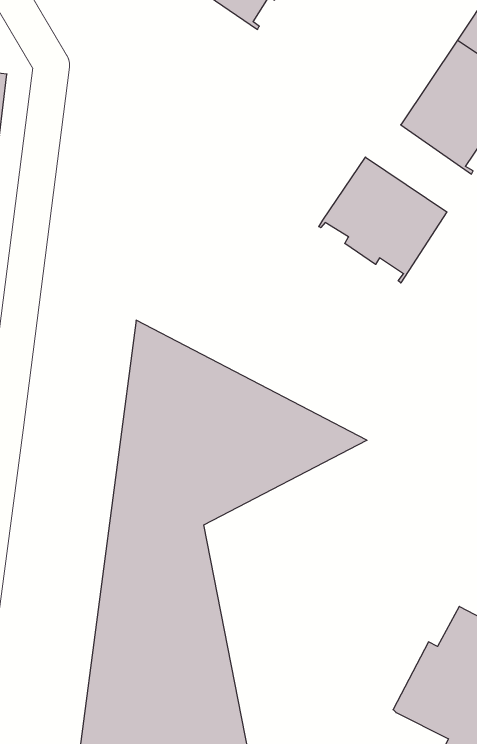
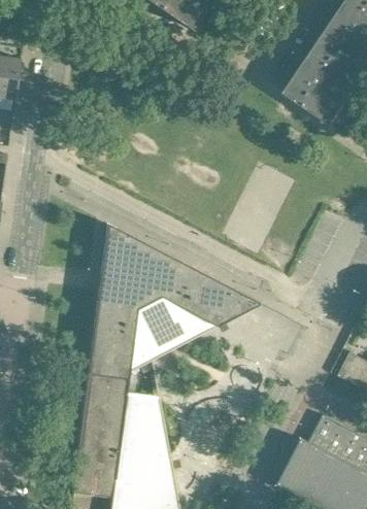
building: [319,157,447,283] -> none

